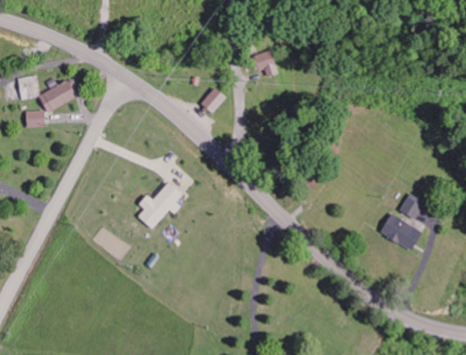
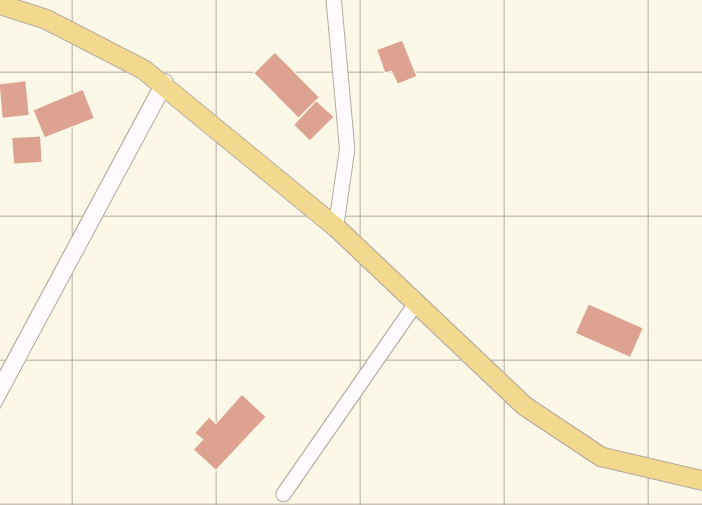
building: none -> [254,52,320,118]
building: [137,180,183,228] -> [193,394,266,471]
building: [398,192,423,218] -> none

